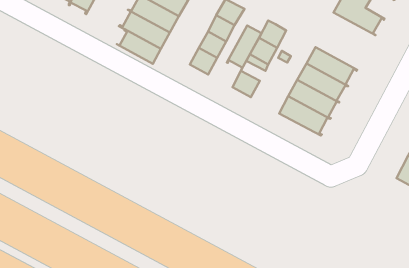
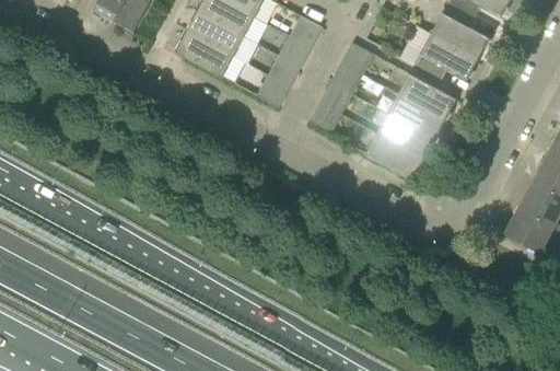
building: none -> [413,32,480,80]
building: [227,25,261,70] -> none
building: [117,29,161,64] -> none

